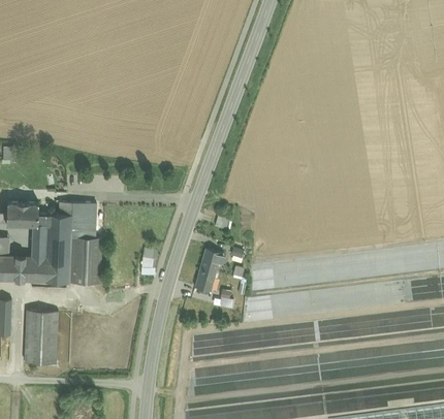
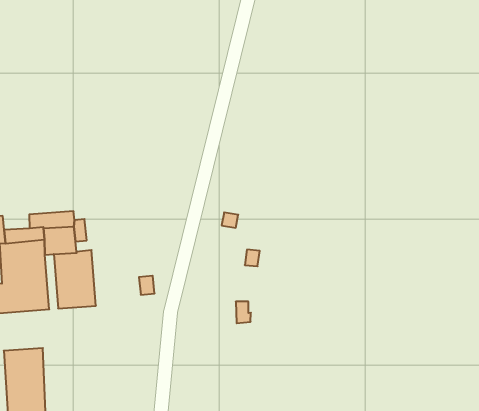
building: [194,250,223,292] -> none

